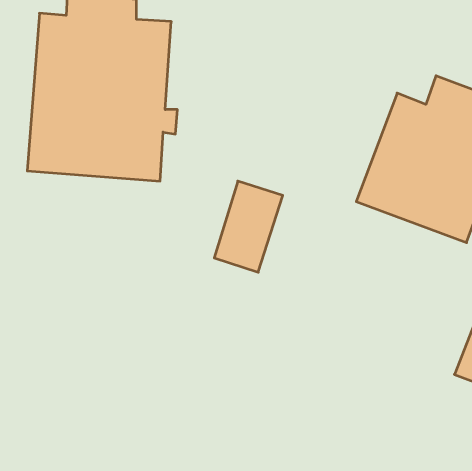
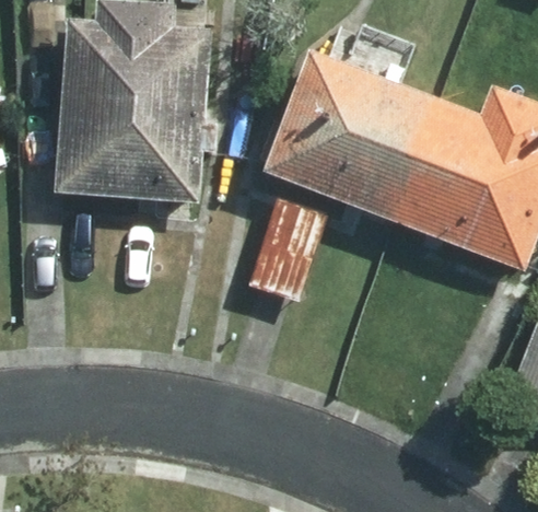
building: none -> [264,53,449,222]

